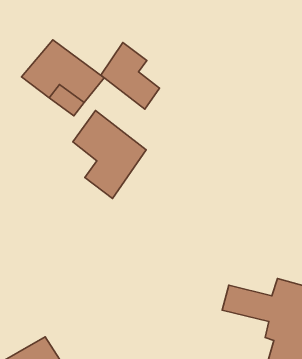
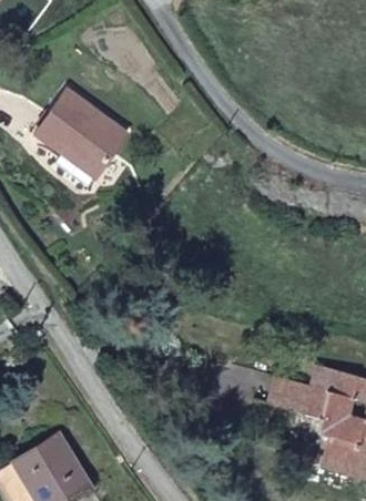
building: [101,42,160,109] -> none
building: [73,110,146,199] -> none

